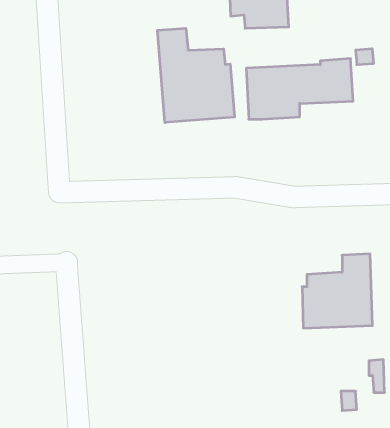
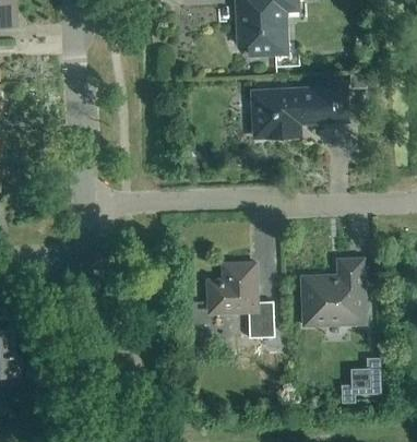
building: [158,28,235,123] -> none
building: none -> [207,263,275,338]

